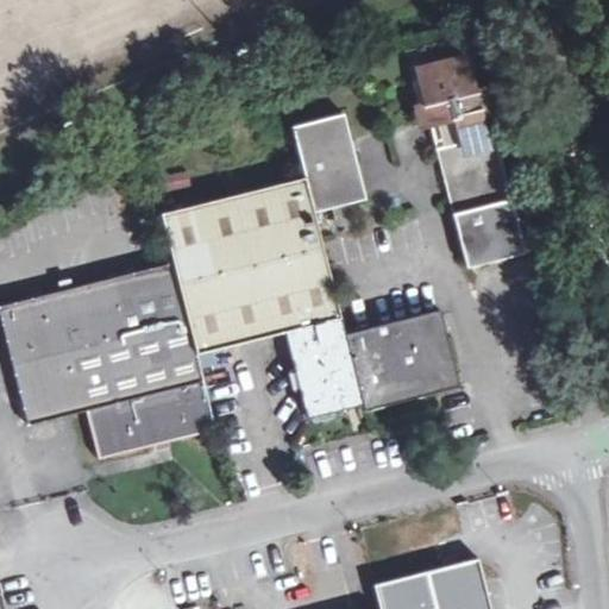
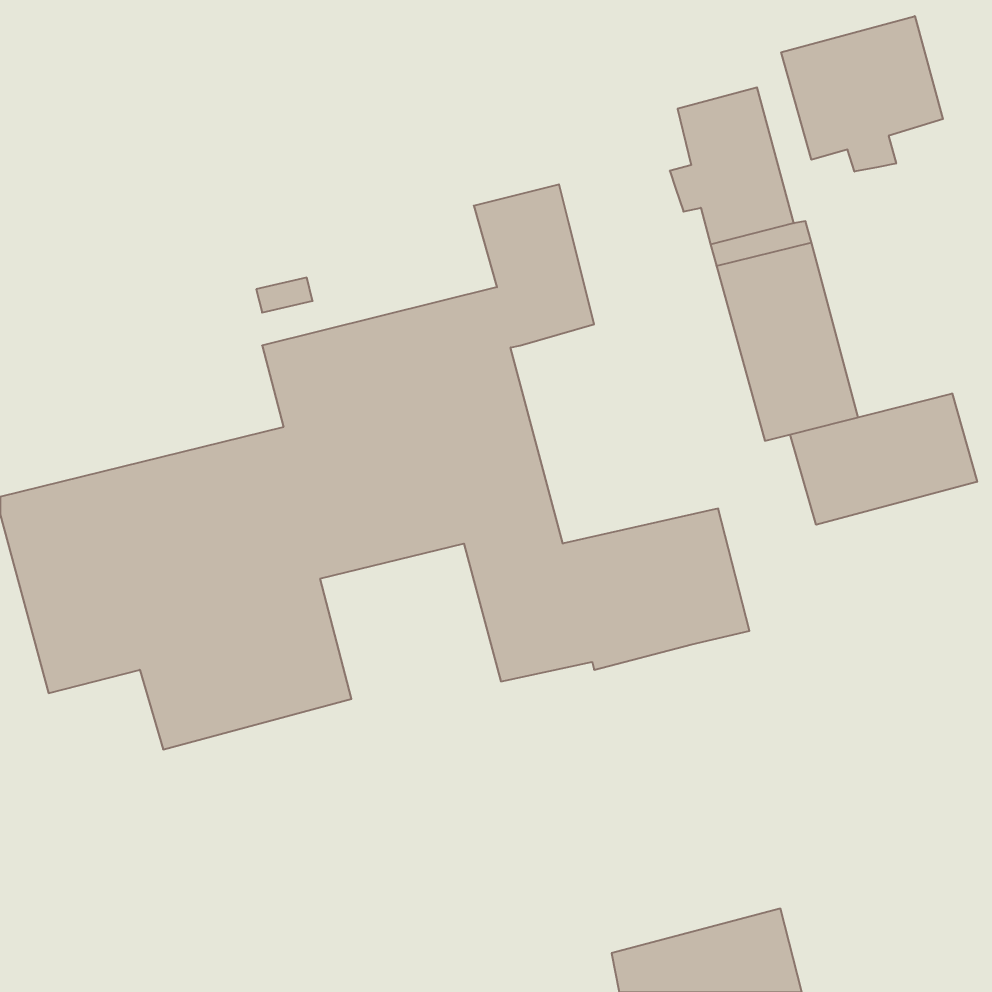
building: none -> [781,16,943,172]
building: none -> [790,393,977,525]

